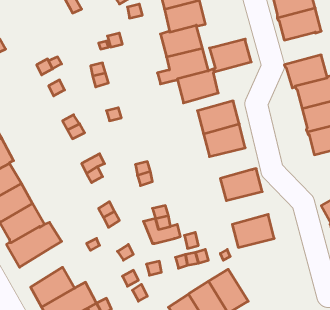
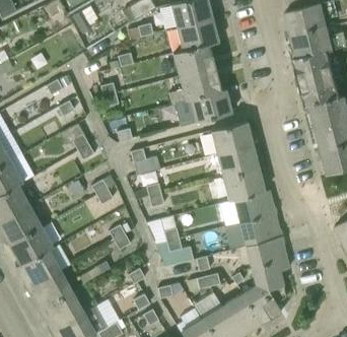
building: [209,39,251,72] -> [292,52,335,85]
building: none -> [130,148,160,176]
building: none -> [221,170,265,202]
building: none -> [238,214,281,248]
building: none -> [240,262,289,326]
building: none -> [28,271,72,312]

